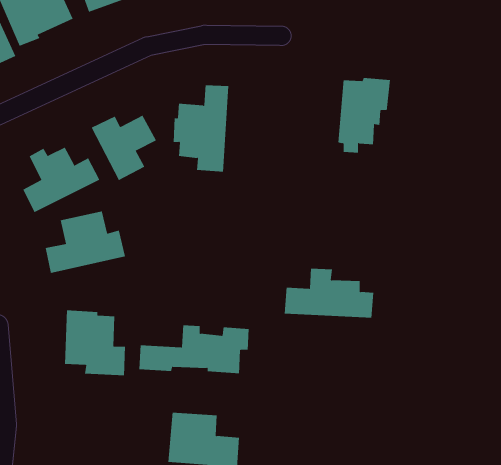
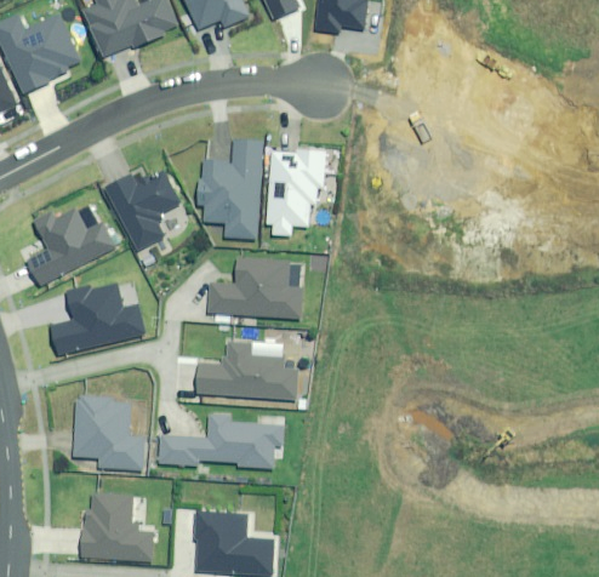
building: [337,78,391,153] -> [267,149,327,235]
building: none -> [207,258,302,318]
building: [284,268,374,318] -> [196,342,300,399]
building: none -> [73,495,153,561]

